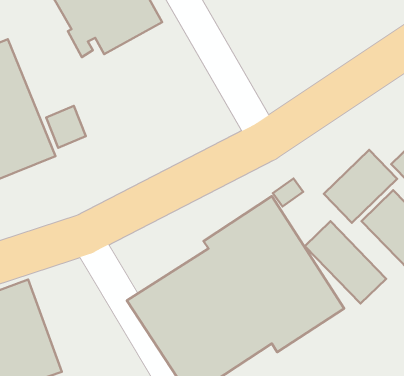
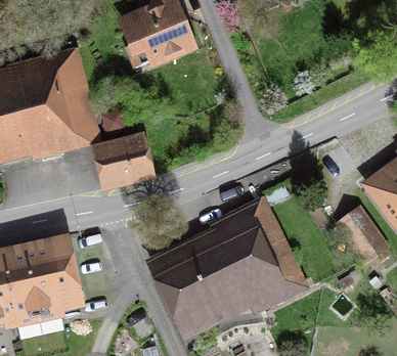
building: none -> [90,132,156,193]
building: [324,150,397,223] -> none
building: [305,221,386,304] -> none

